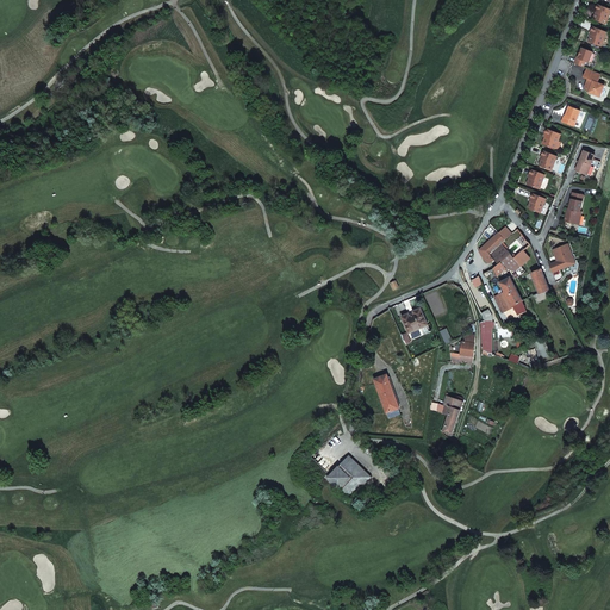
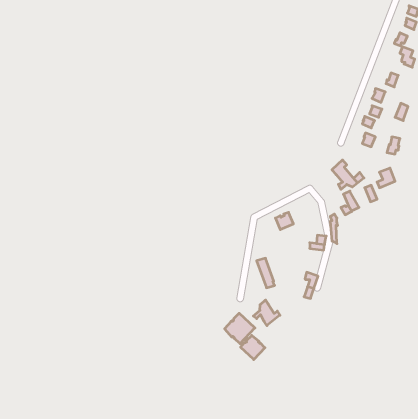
building: none -> [253,300,280,326]
building: none -> [241,335,265,360]

